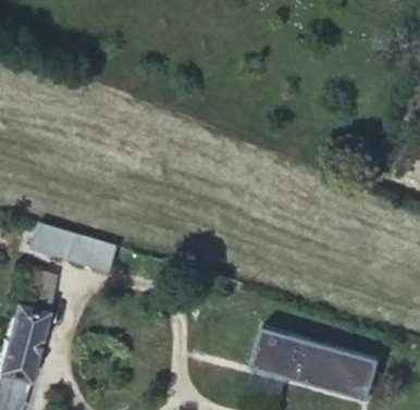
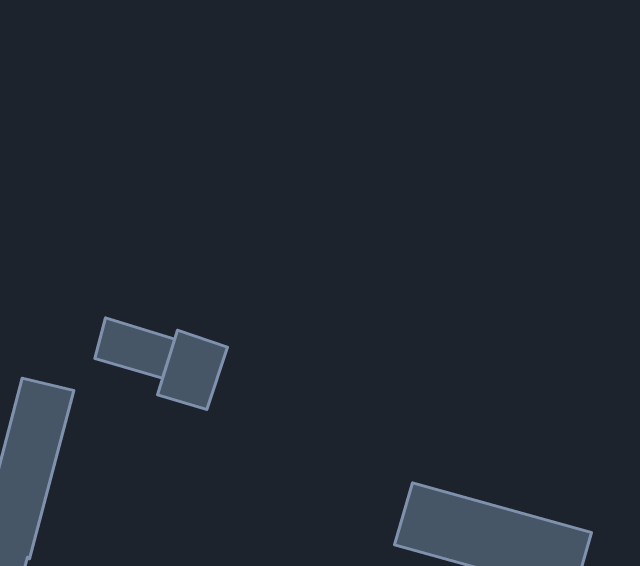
building: [34,222,76,258] -> none
building: none -> [158,330,228,409]

